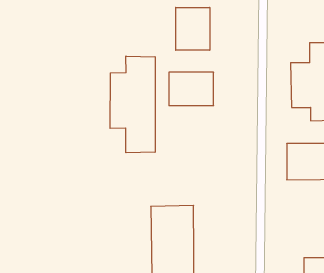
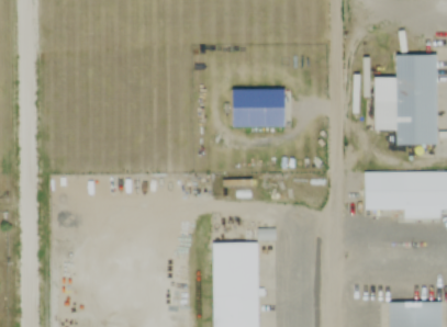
building: [176,7,210,50] -> none
building: [110,56,155,153] -> none

